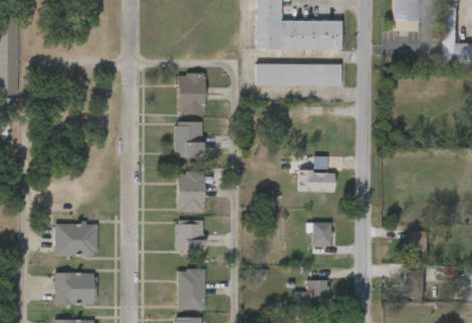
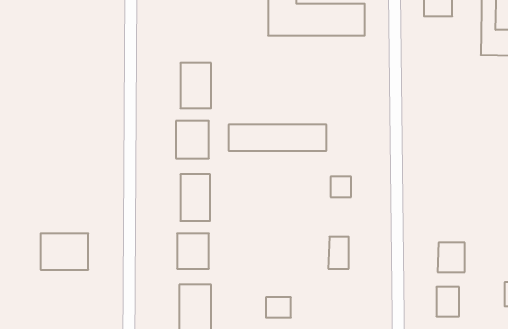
building: [254,63,340,86] -> [229,125,326,151]
building: [55,272,95,303] -> none
building: [306,280,328,298] -> [266,297,291,318]

